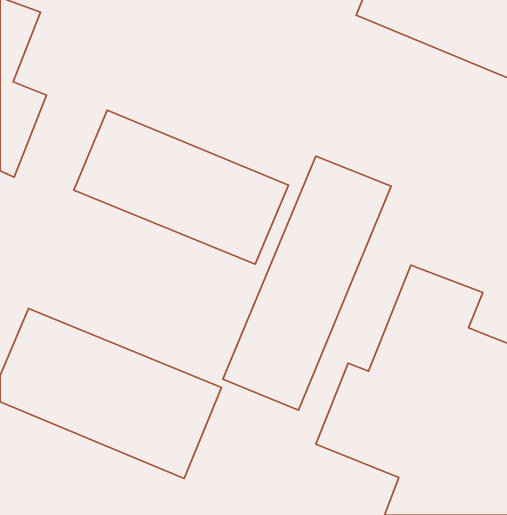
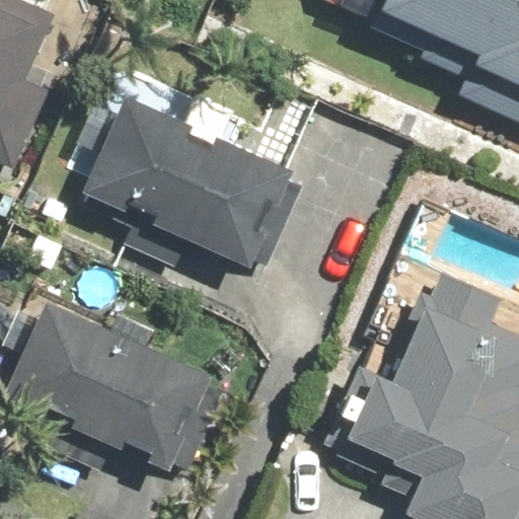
building: [223,156,391,410] -> none

